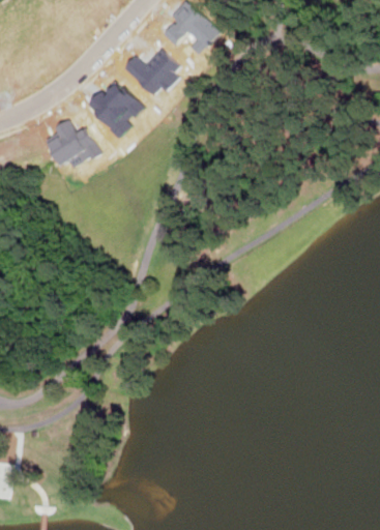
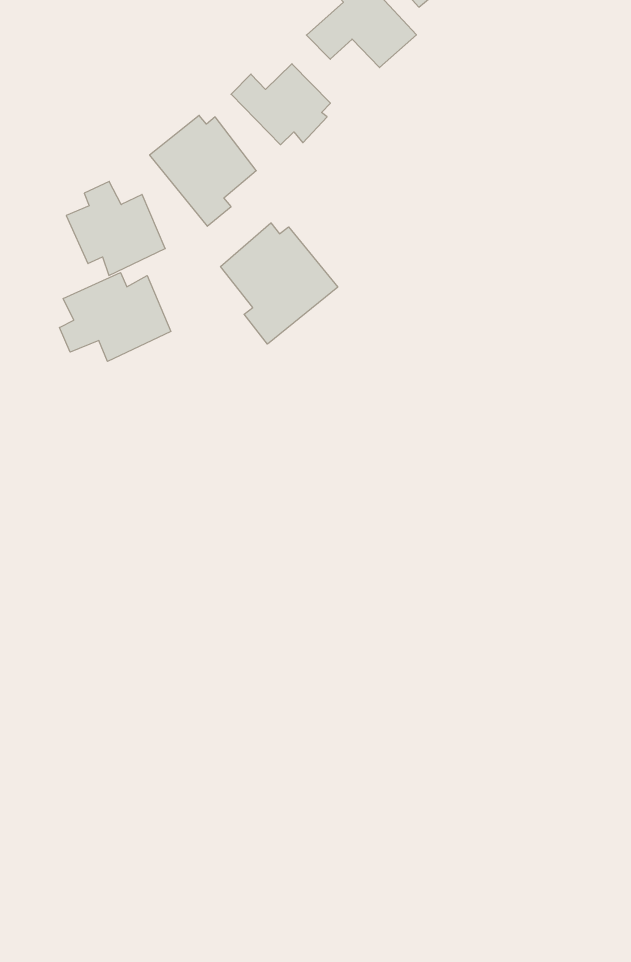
building: none -> [221,223,338,344]
building: none -> [60,273,171,361]

